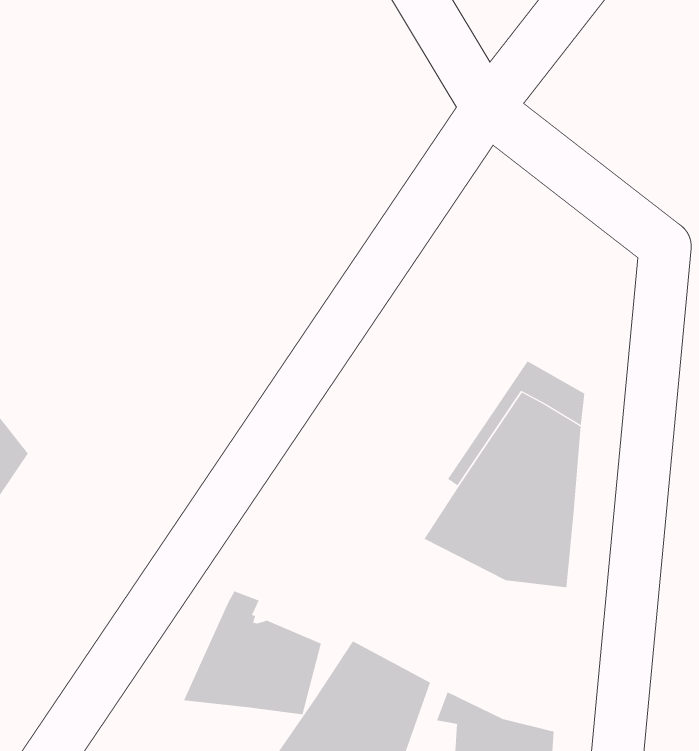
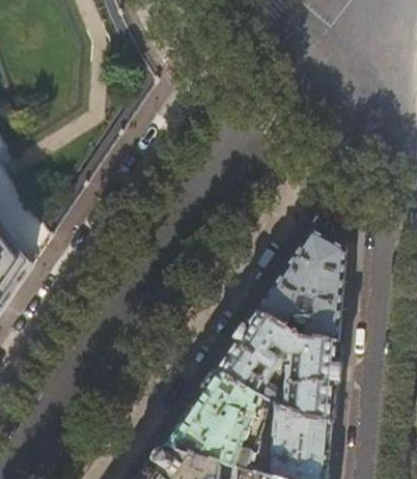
building: none -> [204,329,327,439]
building: [183,591,322,715] -> none

